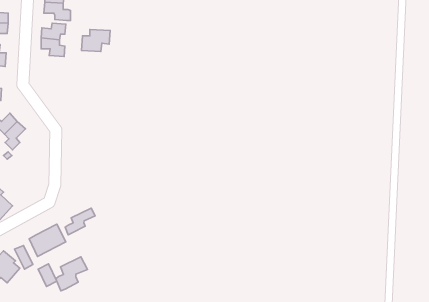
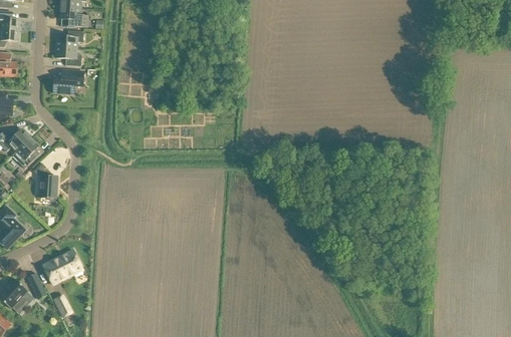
building: [82,30,110,52] -> [51,69,82,93]
building: none -> [31,161,56,198]
building: [65,208,95,235] -> none
building: [56,257,87,291] -> none

